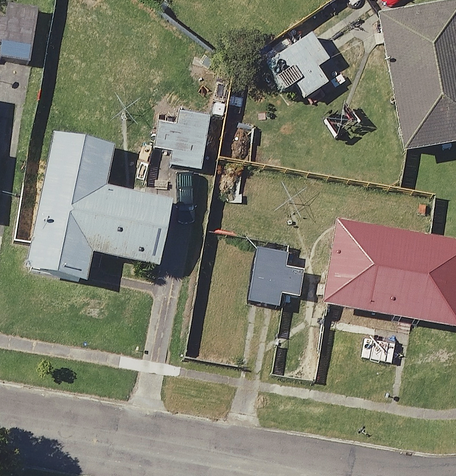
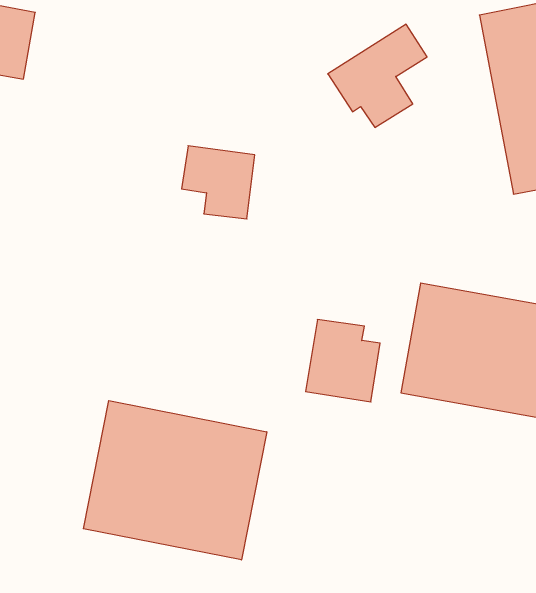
building: [27,130,173,279] -> none
building: none -> [83,401,267,560]

